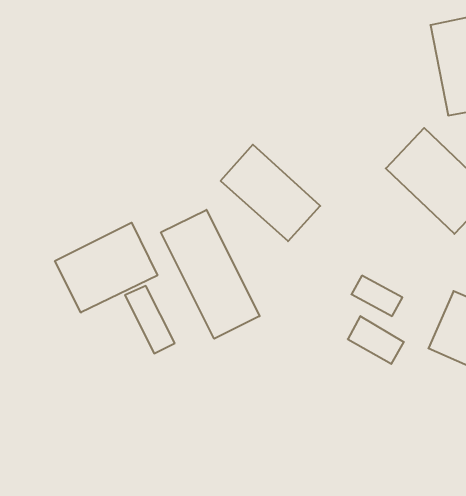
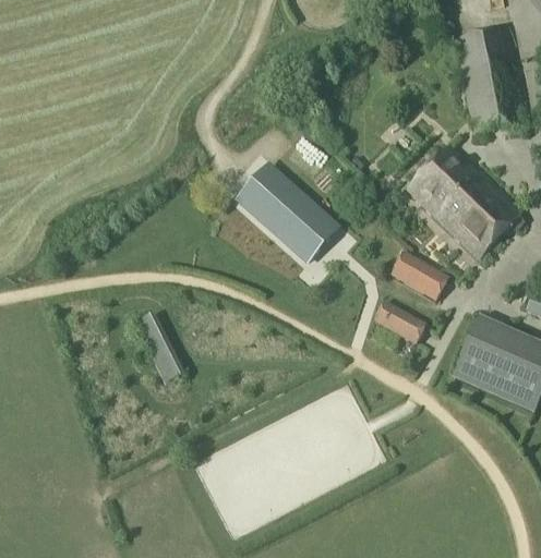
building: [161,210,260,339] -> none
building: [55,223,157,313] -> none
building: [348,316,404,364] -> [388,248,447,299]

